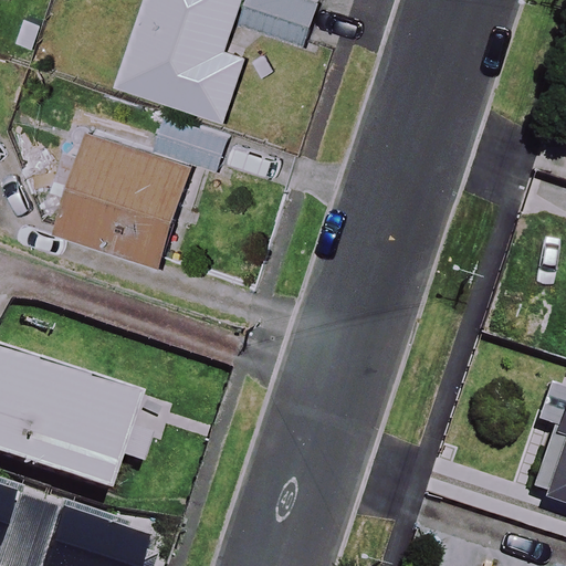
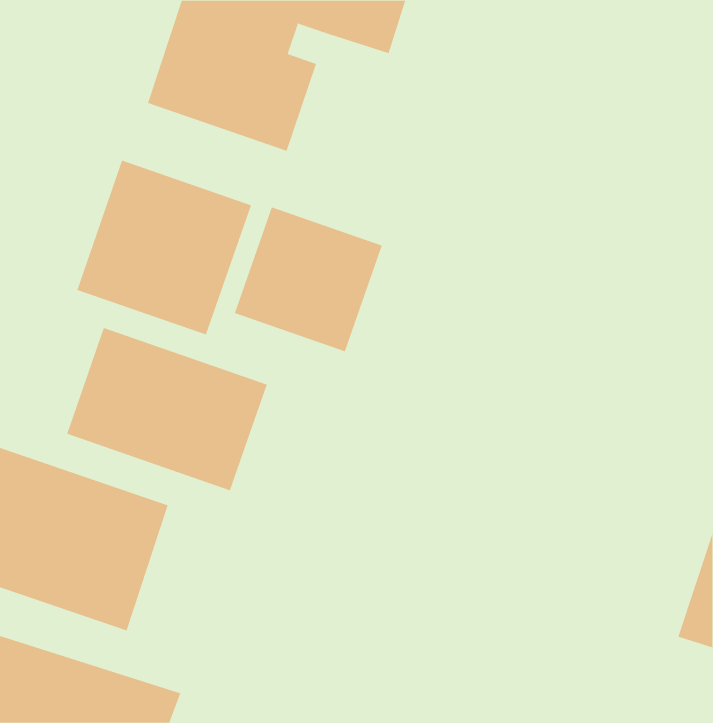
building: none -> [234,207,382,352]
building: none -> [66,327,267,491]

